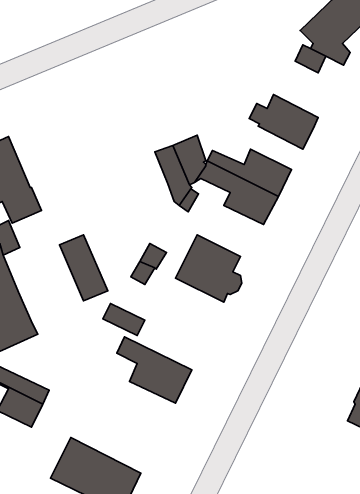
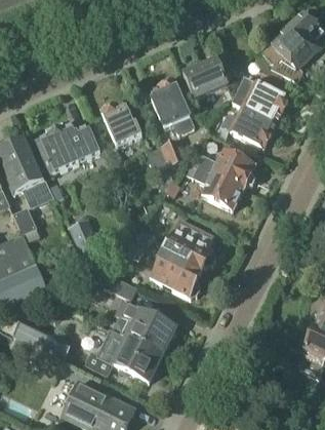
building: none -> [181,58,228,99]
building: none -> [150,77,193,132]
building: none -> [240,80,288,122]
building: none -> [100,101,141,145]
building: none -> [35,122,99,172]
building: none -> [149,251,200,296]
building: none -> [99,333,161,381]

